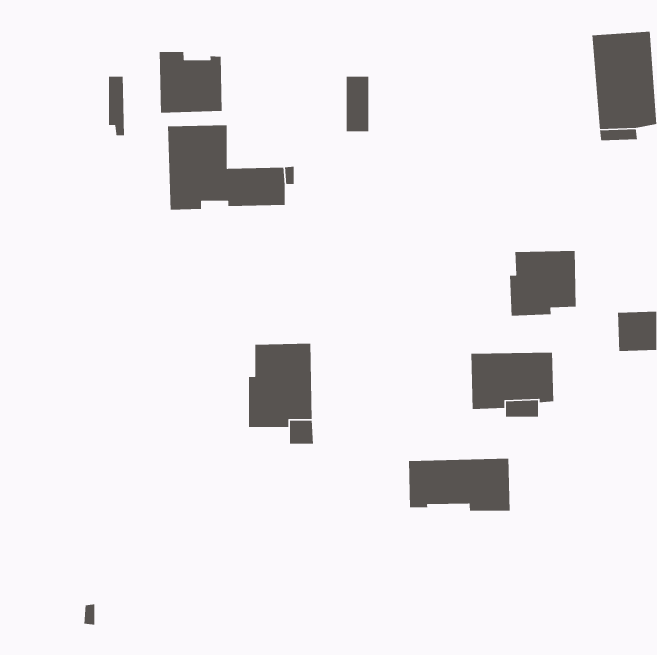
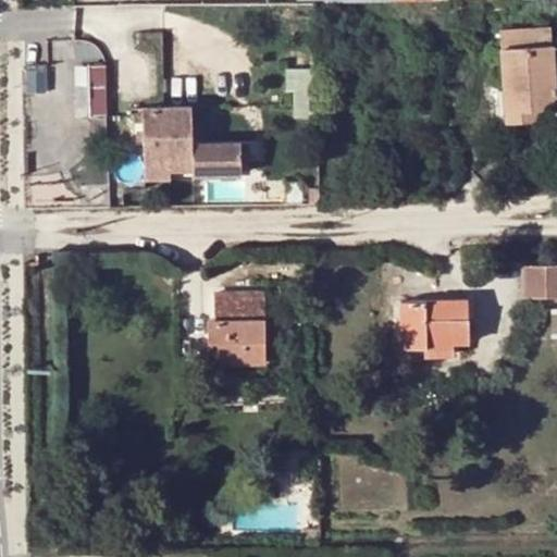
building: [159,51,222,114] -> none
building: [509,250,577,316] -> none
building: [408,458,510,512] -> none

